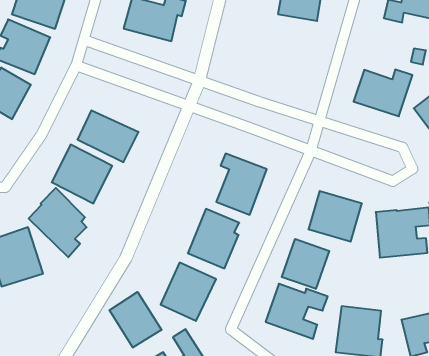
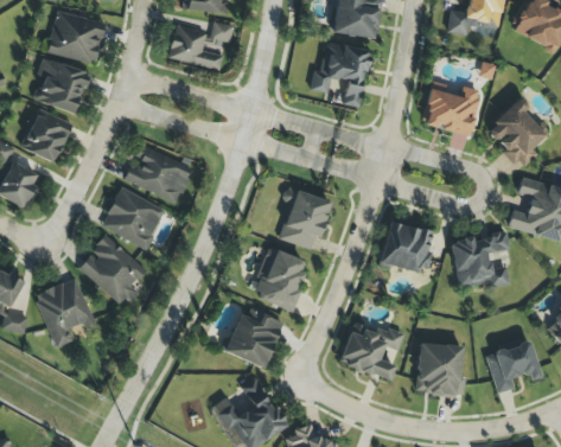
building: none -> [311,40,370,107]
building: [282,239,329,289] -> none
building: [109,292,162,348] -> none

